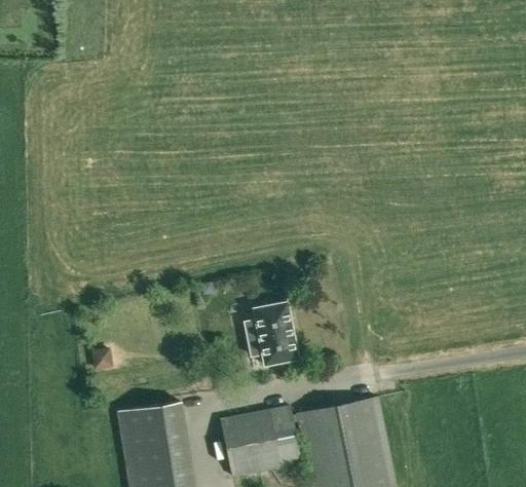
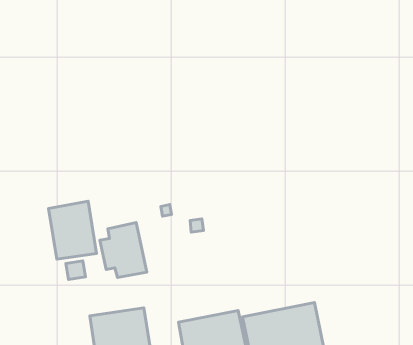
building: none -> [48,201,96,259]
building: [243,302,298,366] -> [100,222,147,278]

